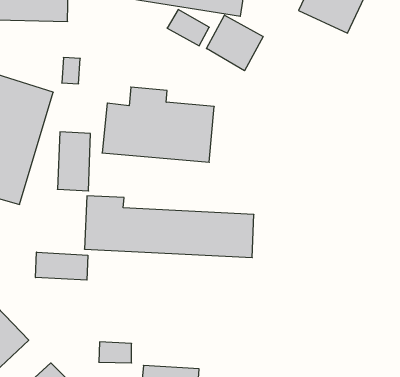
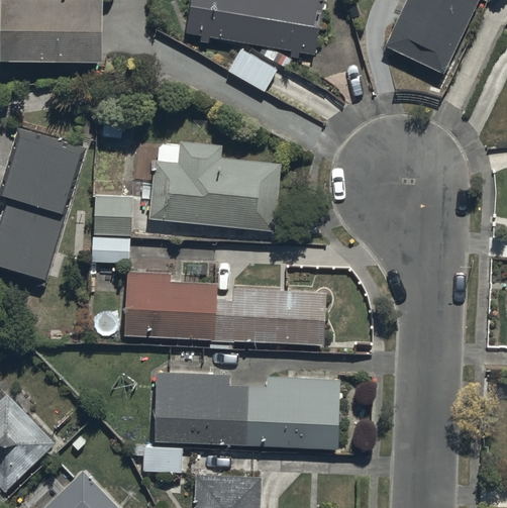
building: [206,15,263,71] -> none
building: [36,252,88,280] -> none
building: none -> [151,374,342,449]

